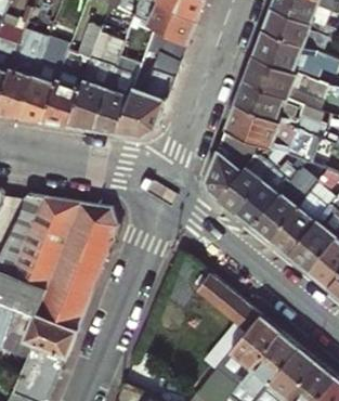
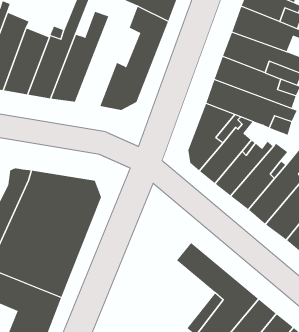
building: [90,75,133,132] -> none

